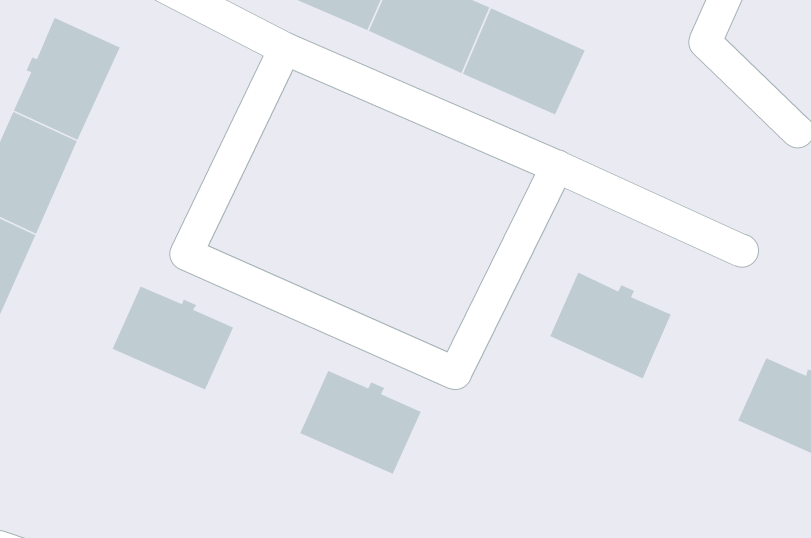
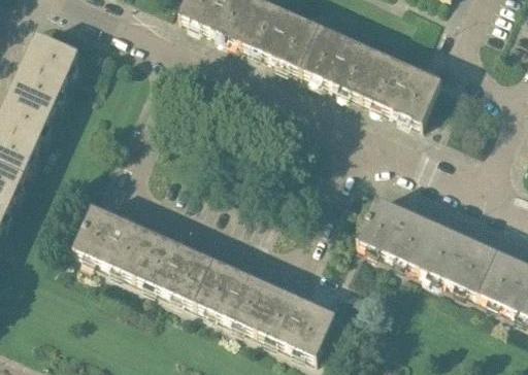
building: none -> [360,52,440,122]
building: none -> [417,223,496,292]
building: none -> [133,231,212,300]
building: none -> [255,285,334,354]

